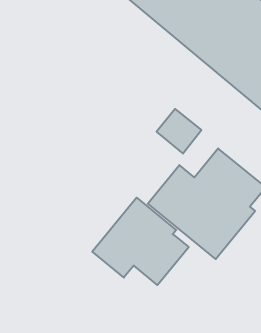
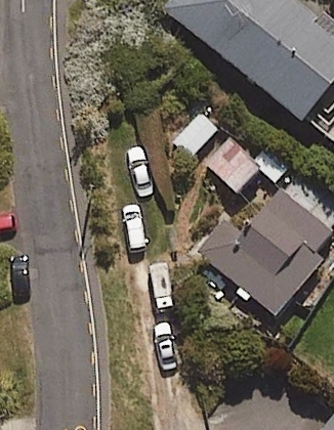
building: [92,198,189,285] -> none

